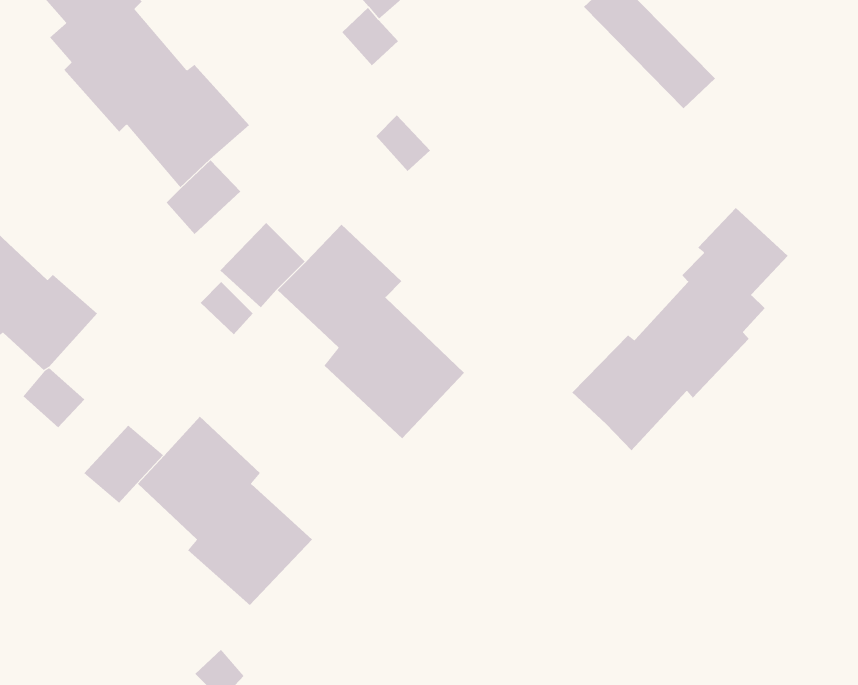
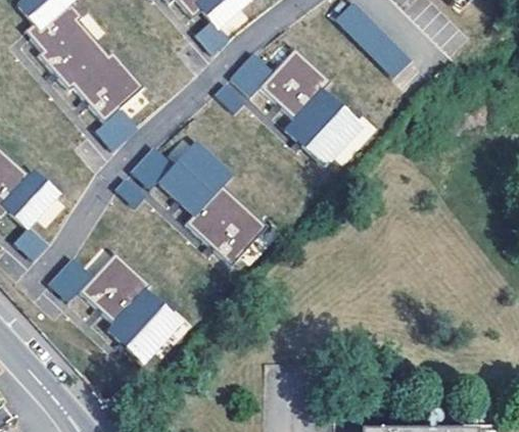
building: none -> [231,46,360,165]
building: [571,207,788,451] -> none

